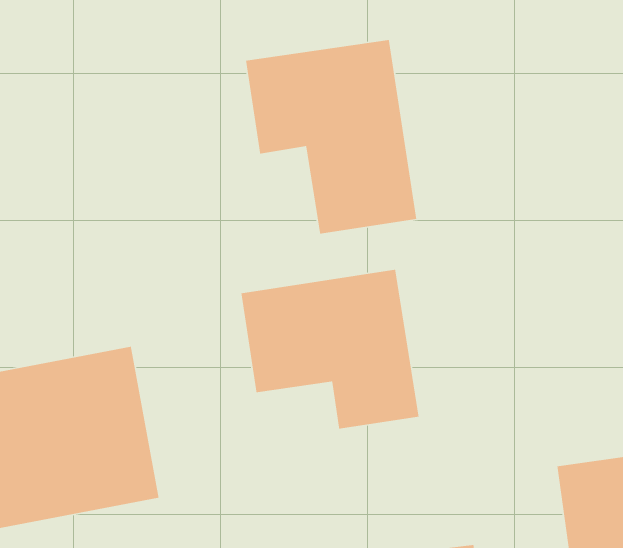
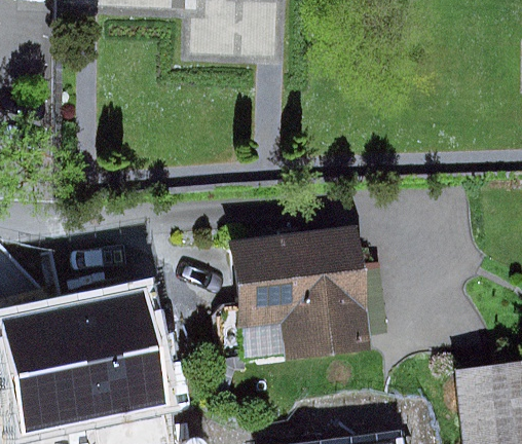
building: [245,39,417,235] -> none

